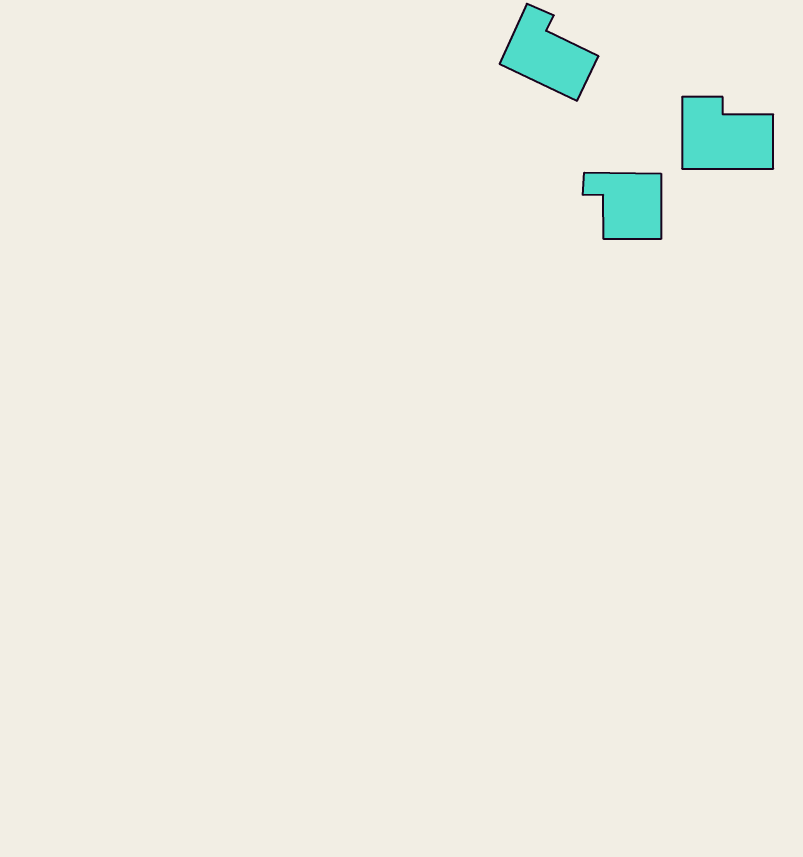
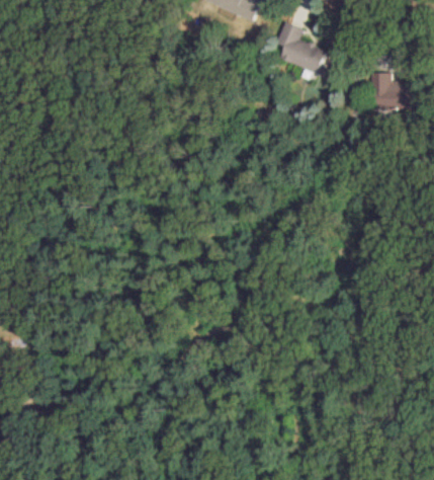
building: [583,173,661,239] -> none

